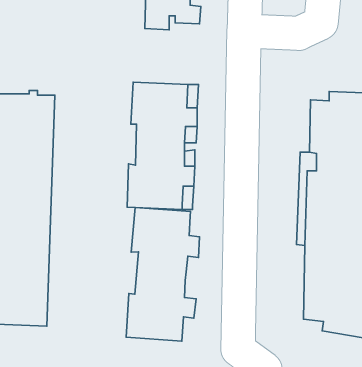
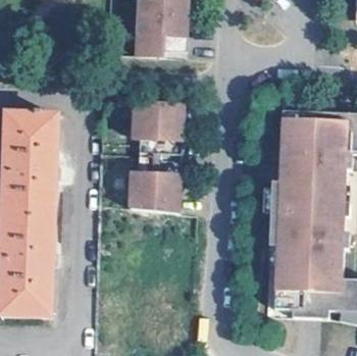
building: [126,207,200,341] -> none

